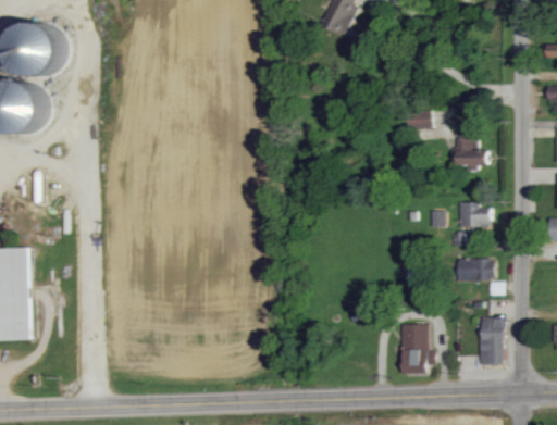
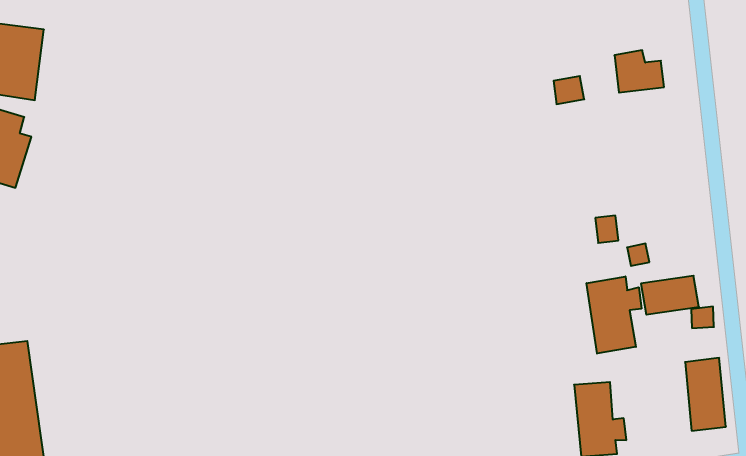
building: [456,138,487,165] -> [614,50,664,93]
building: [458,201,490,228] -> none
building: none -> [587,276,641,354]

